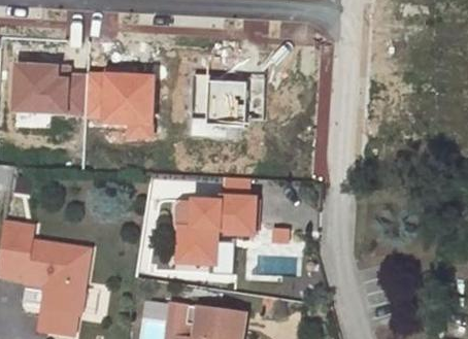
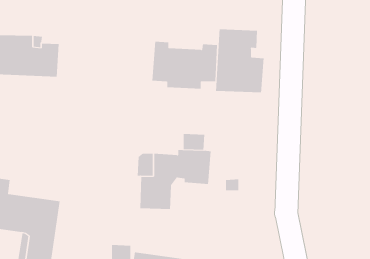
building: none -> [216,28,264,93]
building: [85,73,154,136] -> none

